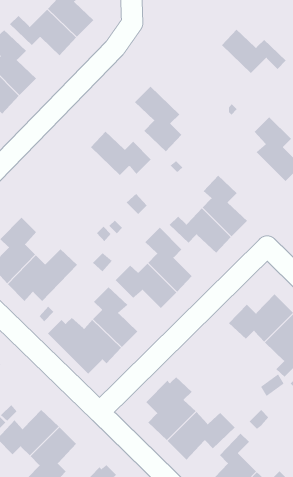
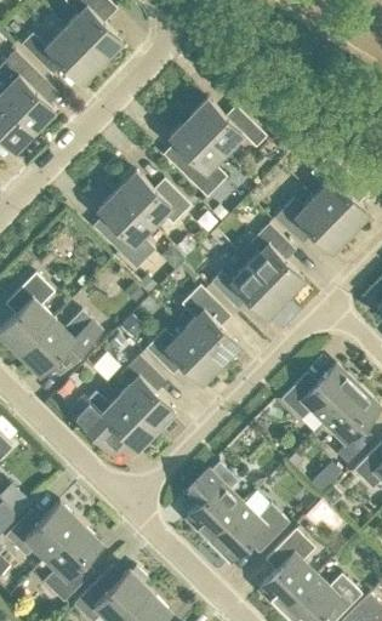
building: [221,29,287,74] -> [189,99,267,153]
building: none -> [98,192,155,270]
building: none -> [276,198,349,252]

